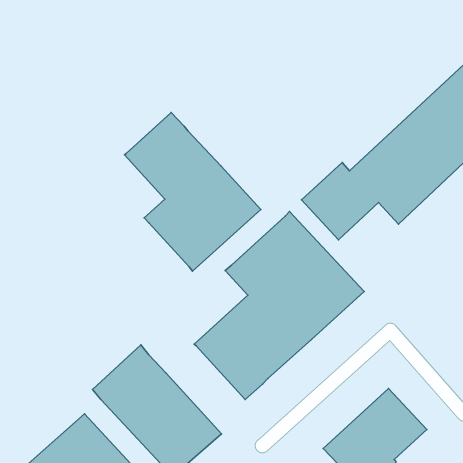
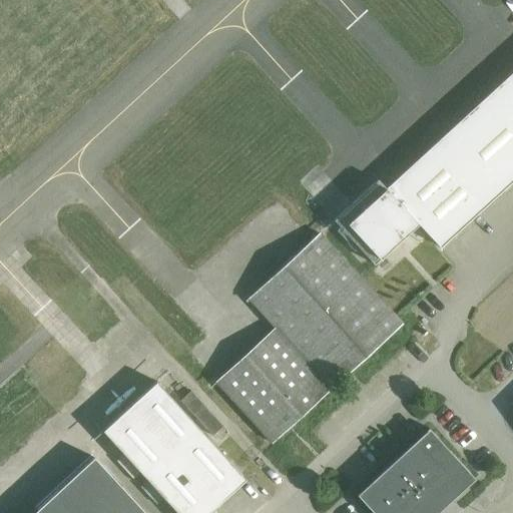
building: [125,112,261,271] -> none

